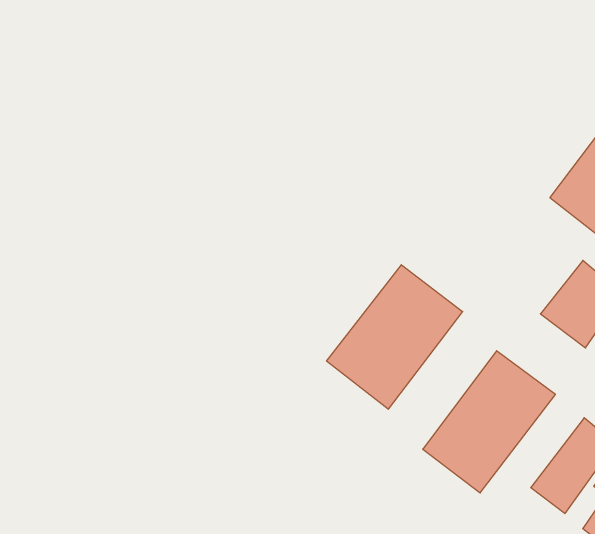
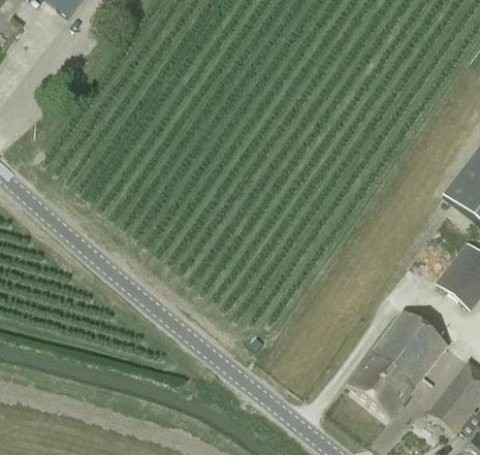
building: [327,265,463,409] -> none

